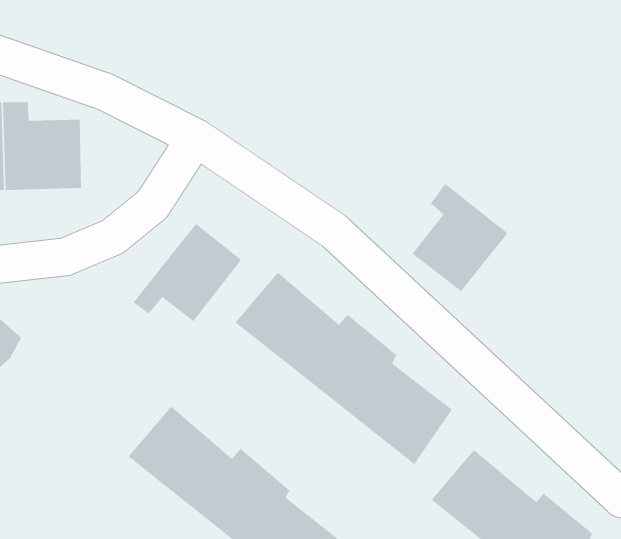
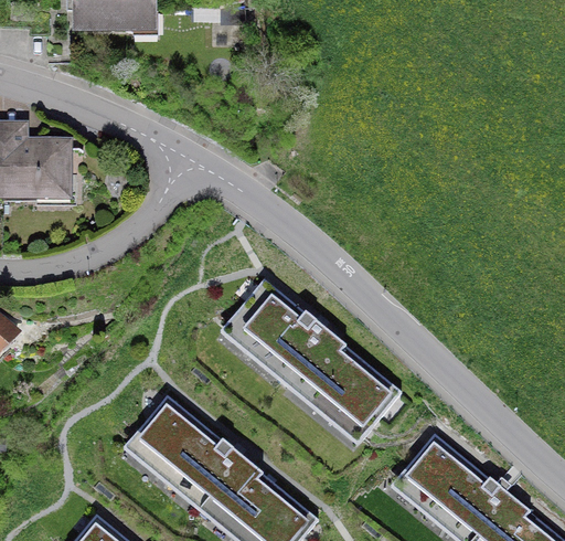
building: [412,183,509,292] -> none
building: [133,223,242,322] -> none

